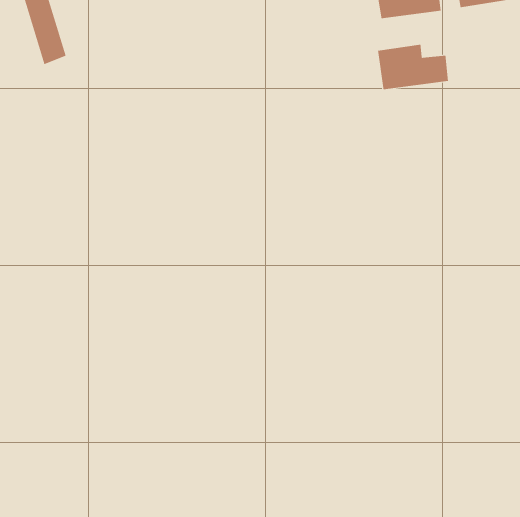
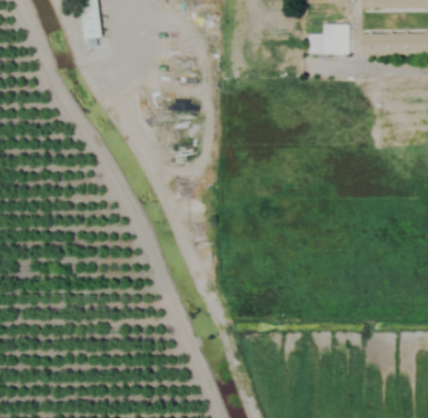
building: [377,44,449,90] -> none

